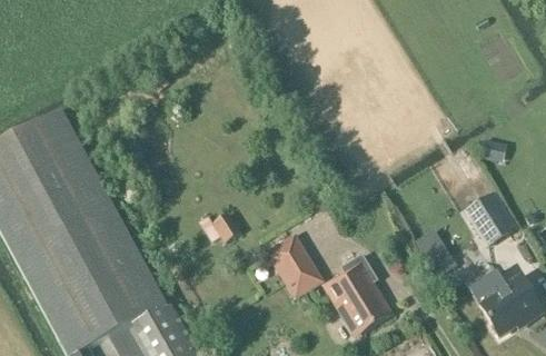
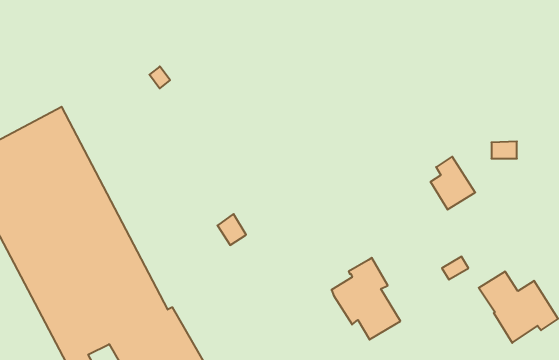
building: [471,195,515,246] -> [430,157,475,210]
building: [264,233,322,299] -> none

